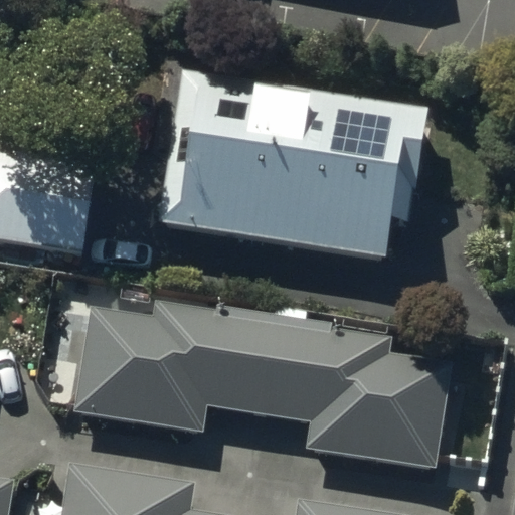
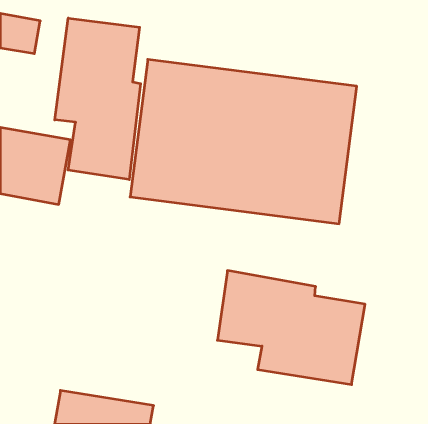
building: none -> [55,18,141,180]
building: [75,308,274,426] -> none

